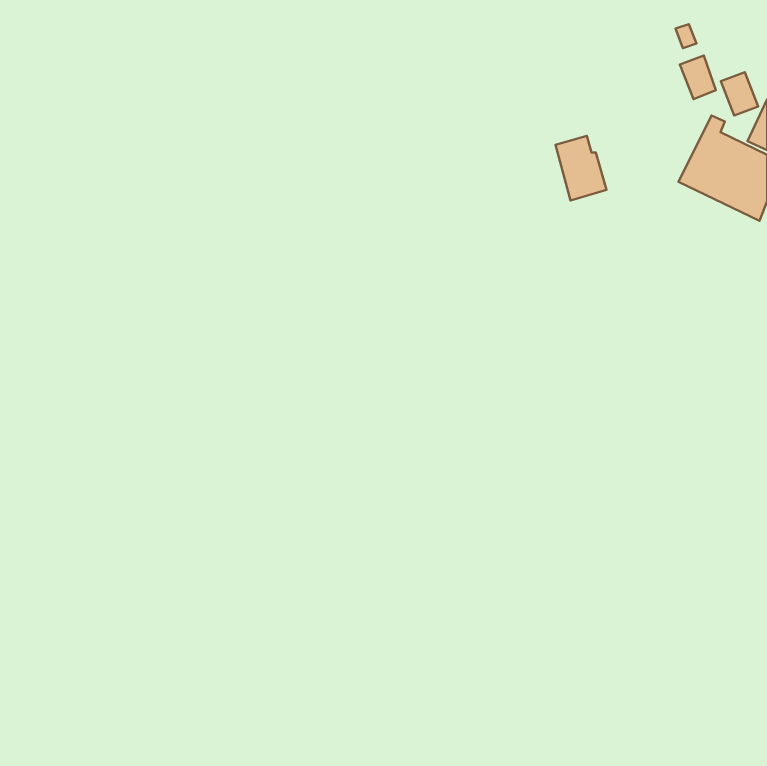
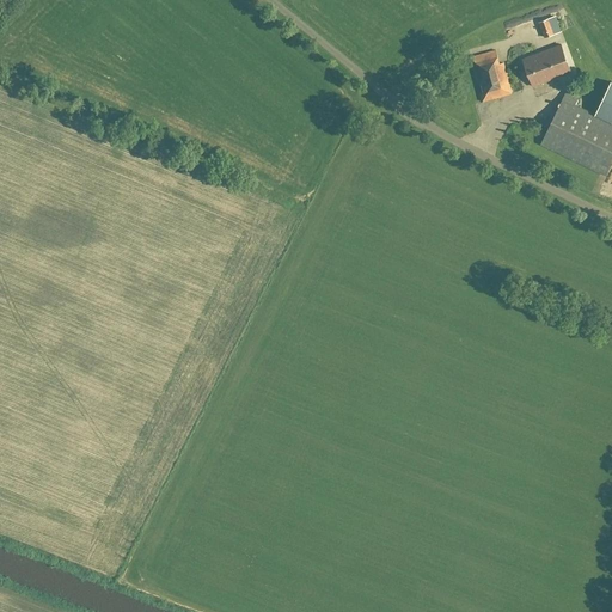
building: [721,72,758,116] -> [522,51,552,86]
building: [555,136,606,200] -> [470,50,510,102]

